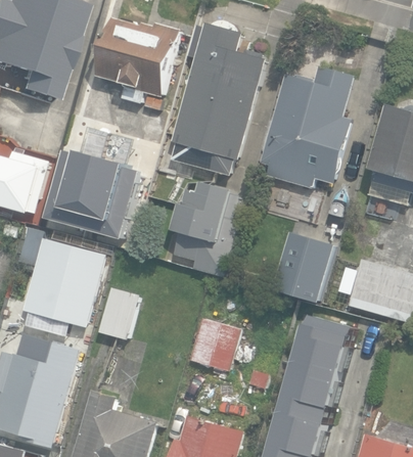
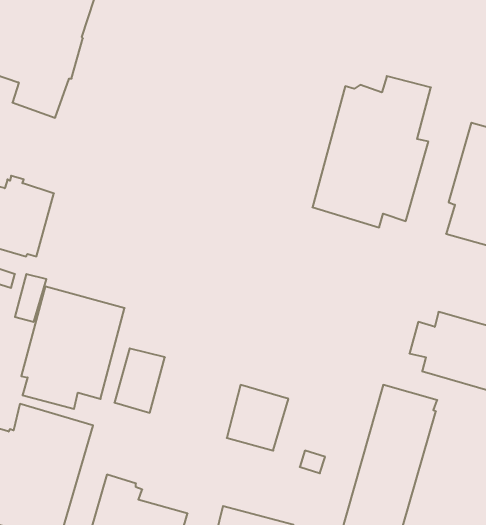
building: [94,16,183,103] -> none
building: [171,20,265,176] -> none
building: [48,151,144,240] -> none
building: [171,182,238,277] -> none
building: [283,237,329,296] -> none

